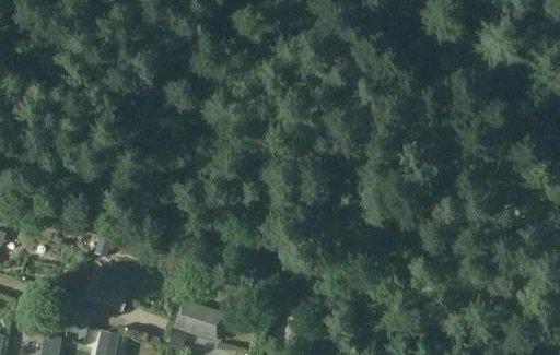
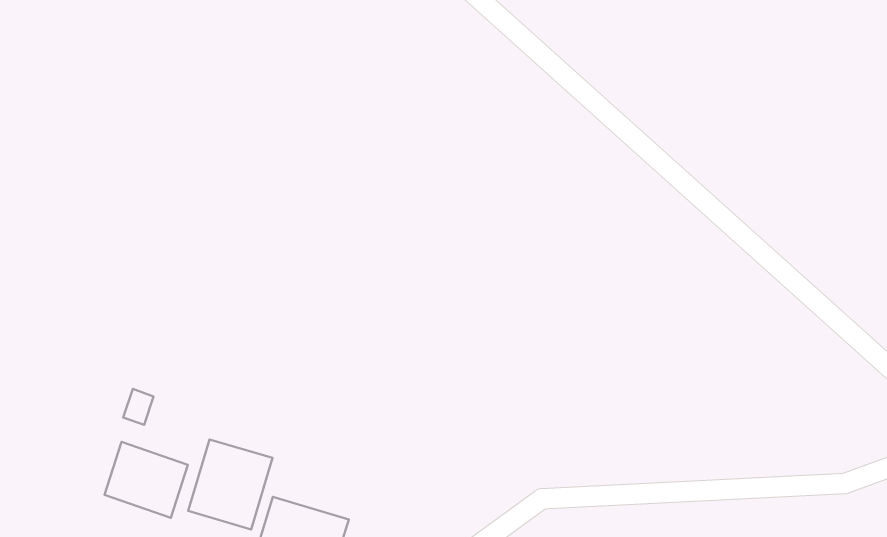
building: none -> [188,439,272,529]

